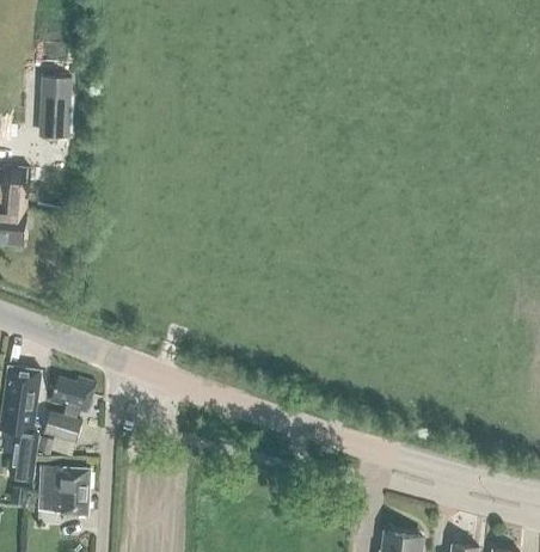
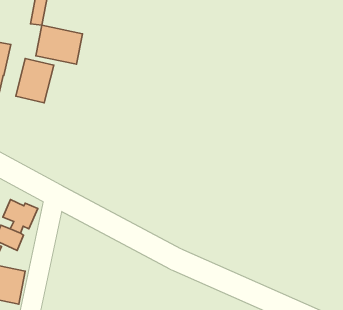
building: none -> [36,25,83,64]
building: none -> [16,58,54,103]

